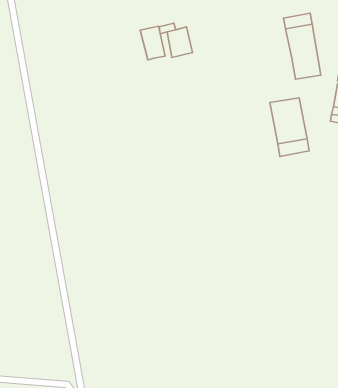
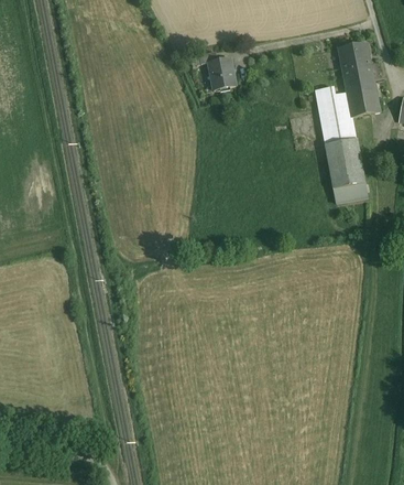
building: [140,26,165,60] -> none
building: none -> [314,85,357,142]

